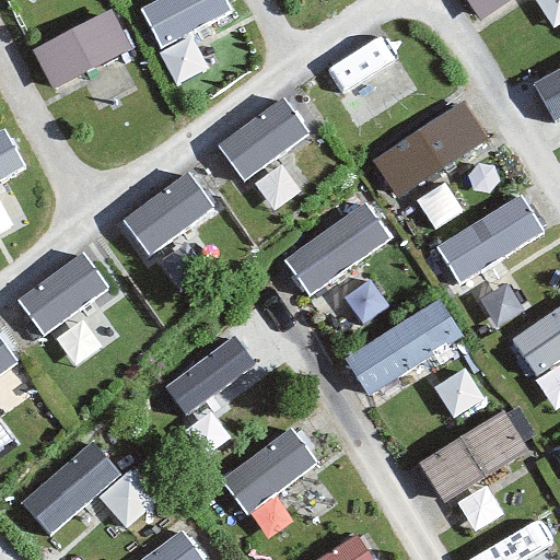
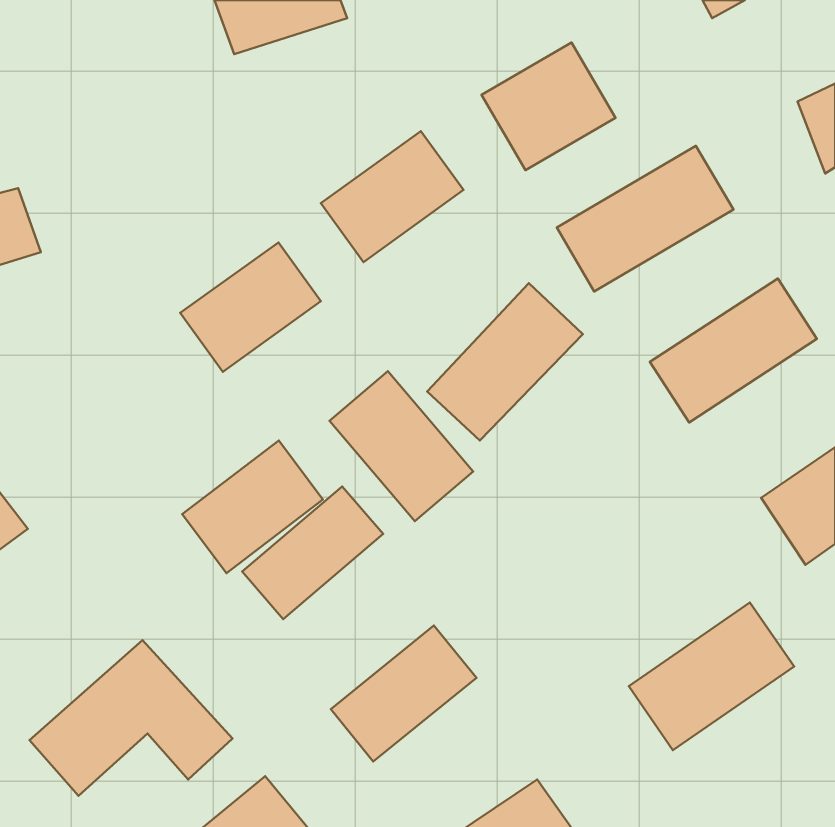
building: [35,12,136,86] -> none
building: [15,248,109,337] -> [182,440,323,573]
building: none -> [329,371,473,521]
building: [345,304,464,393] -> none

